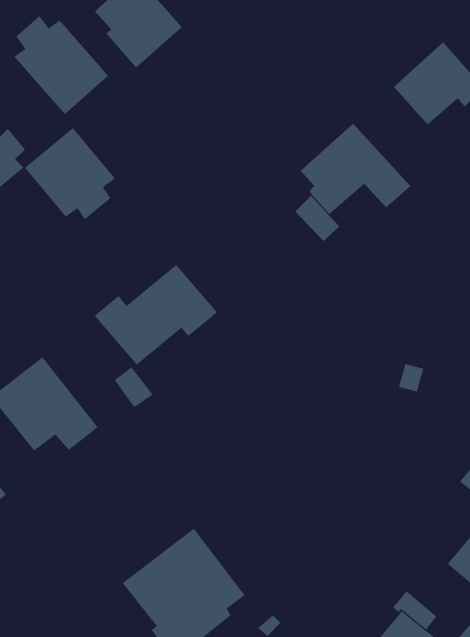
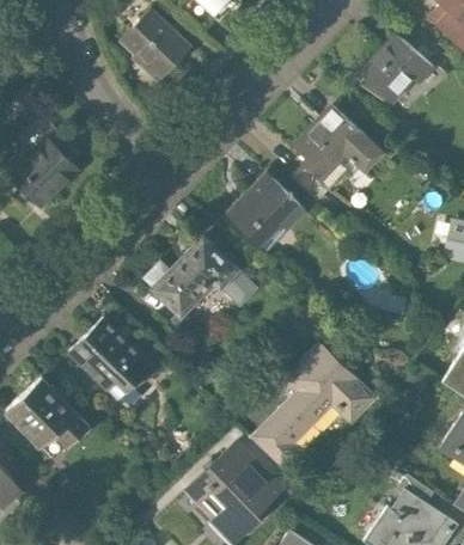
building: [14,15,109,115] -> none
building: [24,127,116,220] -> none
building: none -> [228,177,305,246]
building: none -> [219,270,257,308]
building: none -> [251,337,378,465]

